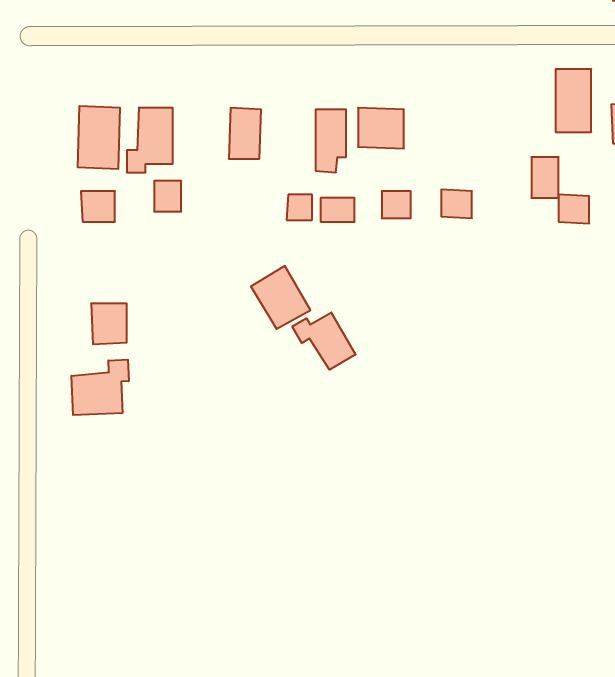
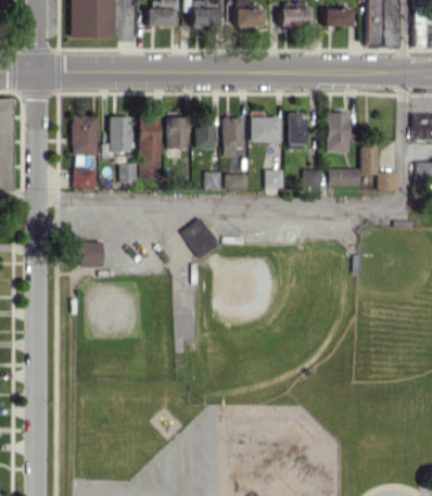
building: [556,69,591,132] -> [327,112,350,152]
building: none -> [290,112,307,147]
building: none -> [196,117,216,148]
building: none -> [139,118,162,178]
building: none -> [330,168,360,185]
building: [292,312,356,370] -> none
building: [71,360,129,415] -> none

